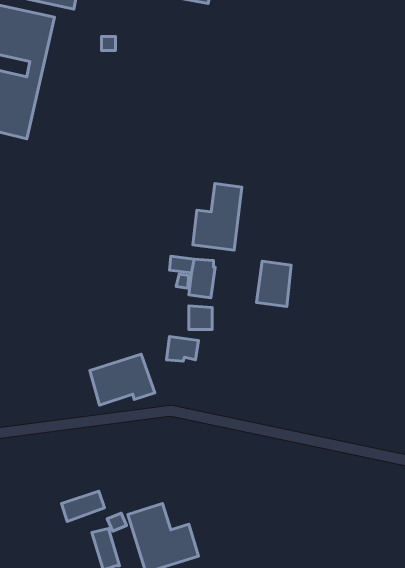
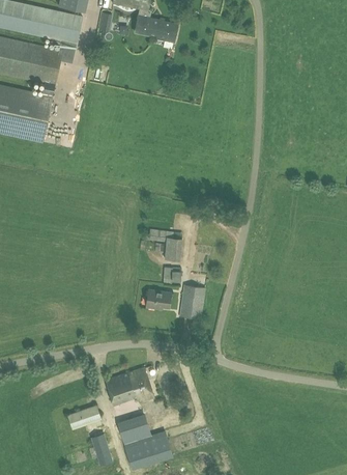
building: [193,183,242,250] -> none
building: [256,261,291,307] -> [179,284,205,318]
building: [90,354,155,405] -> [106,367,154,406]

